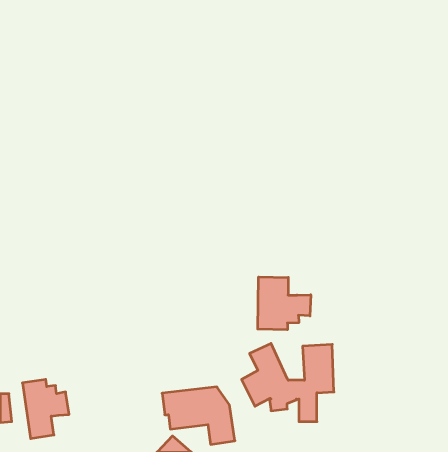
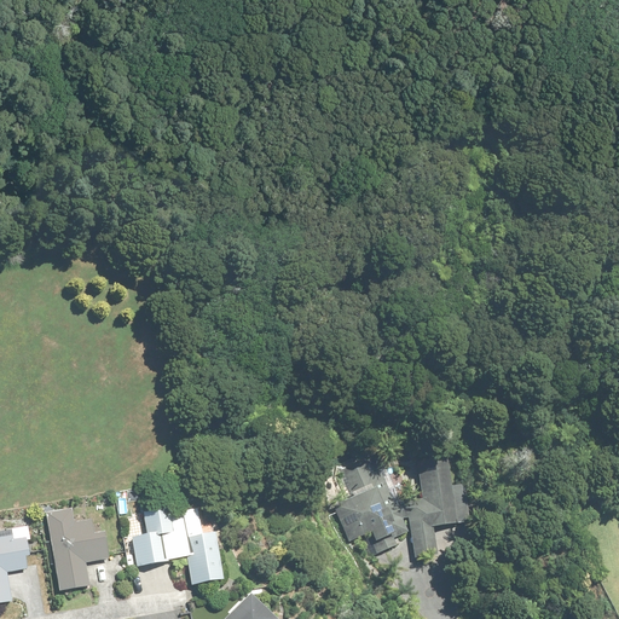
building: [258,277,311,330] -> none
building: [162,387,235,444] -> [122,505,220,583]

